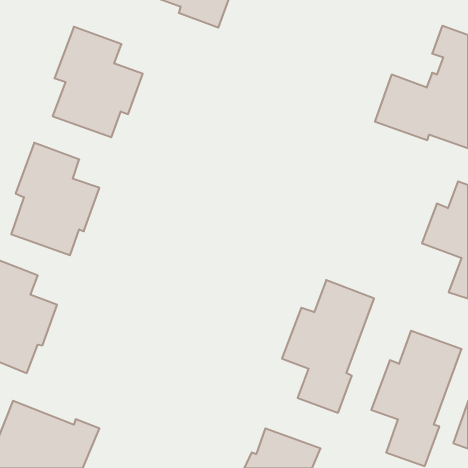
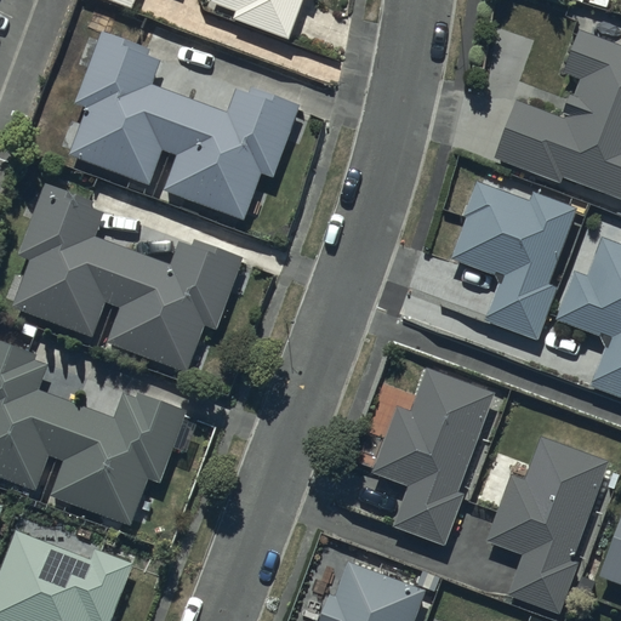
building: none -> [164,85,296,220]
building: none -> [454,178,574,338]
building: none -> [106,240,240,371]
building: none -> [51,392,186,524]

